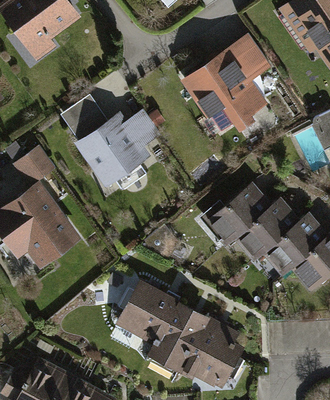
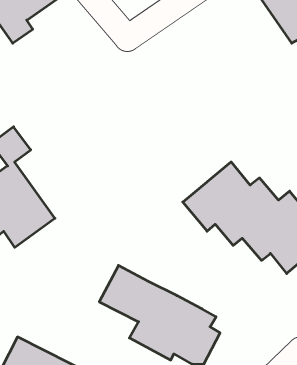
building: [181,33,272,136] -> none
building: [67,100,160,197] -> none

